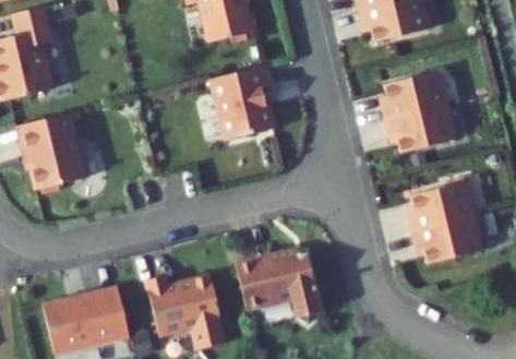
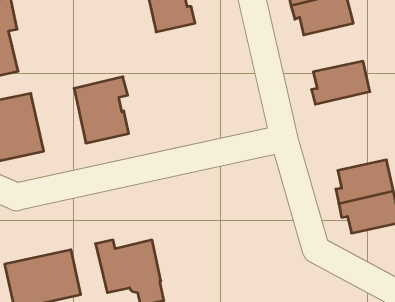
building: [211,68,272,142] -> [74,77,129,143]
building: [388,110,457,157] -> none
building: [230,252,316,326] -> none

